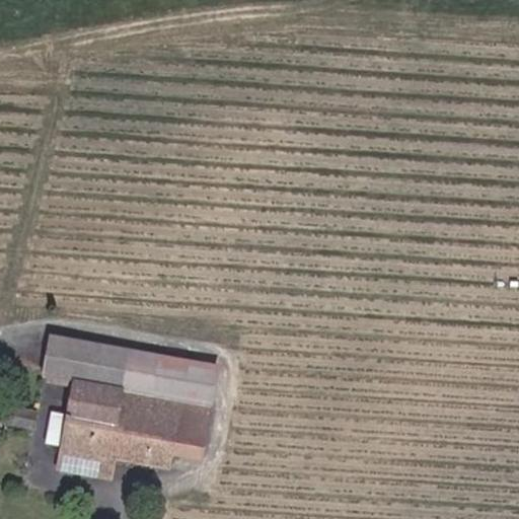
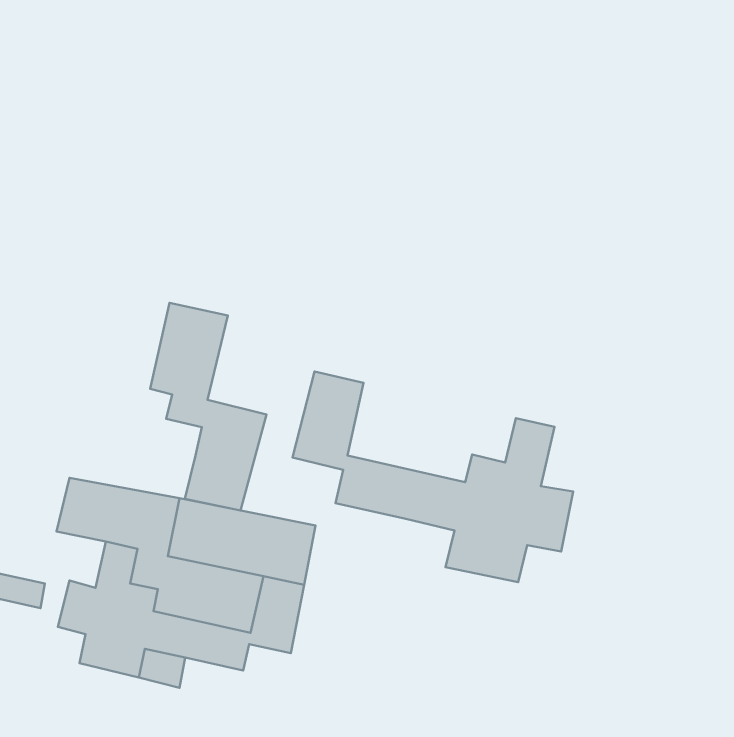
building: none -> [150,303,267,510]
building: none -> [293,371,573,582]

